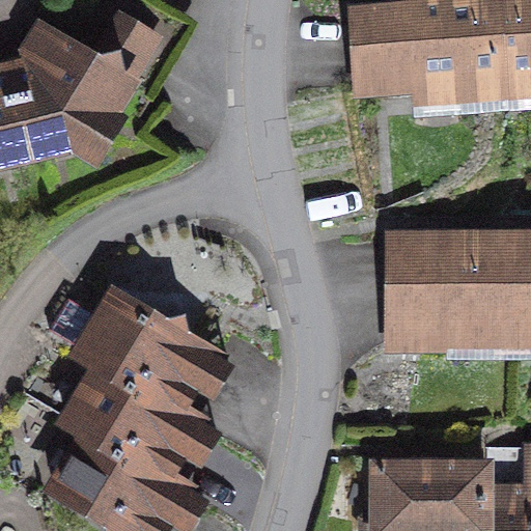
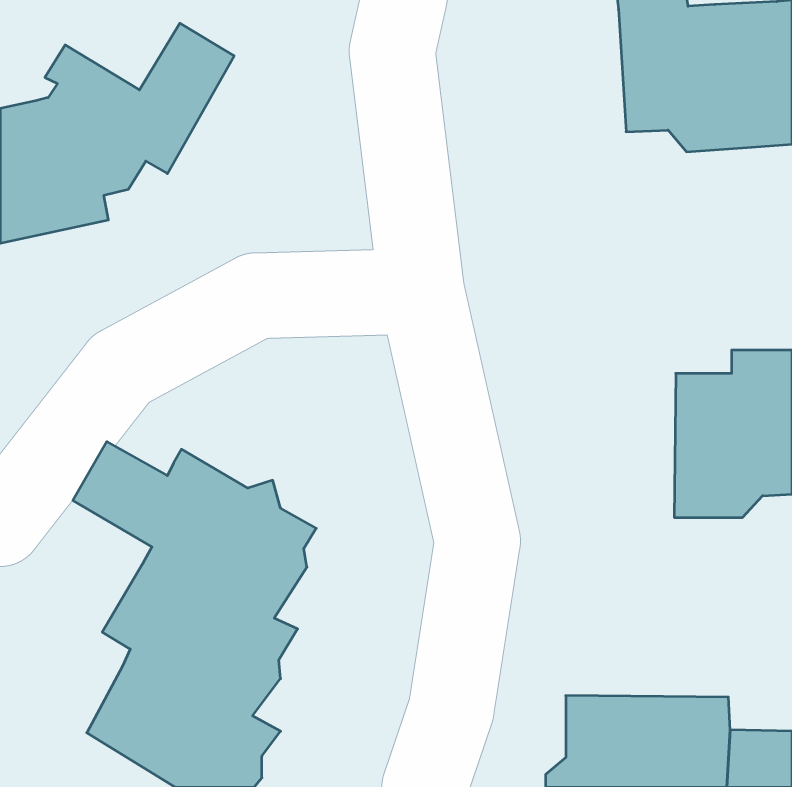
building: [358,6,419,91] -> none
building: [395,234,452,346] -> none

